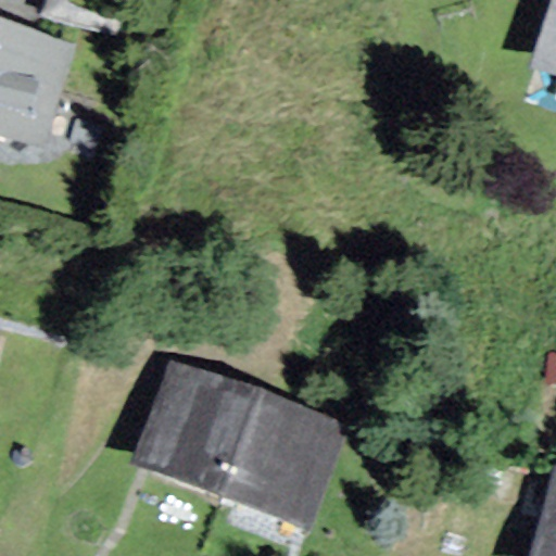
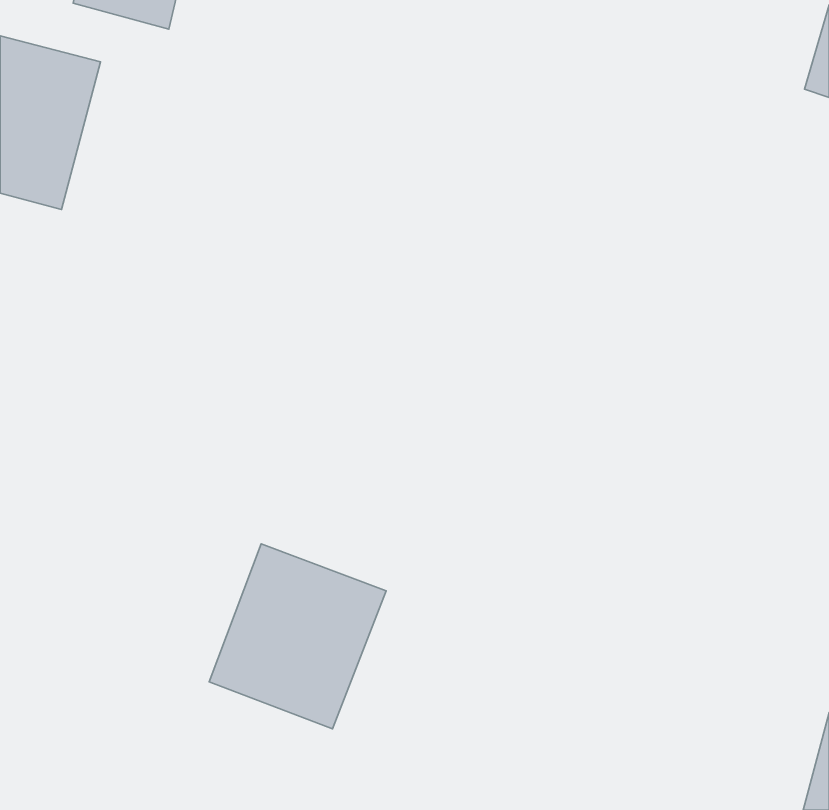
building: [223,395,341,519] -> none

